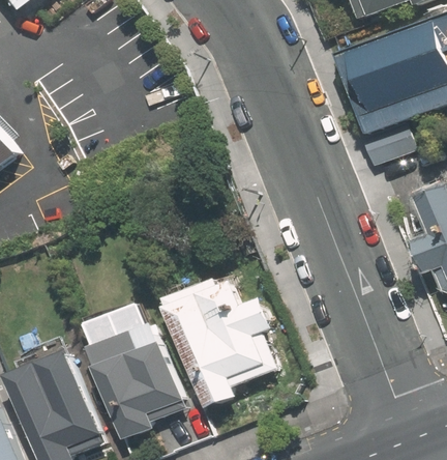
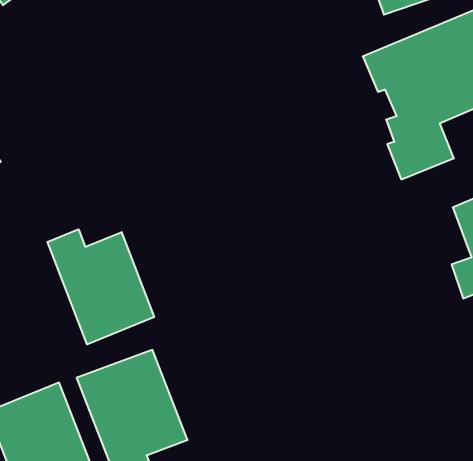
building: none -> [47,229,154,344]
building: [167,284,271,405] -> none

